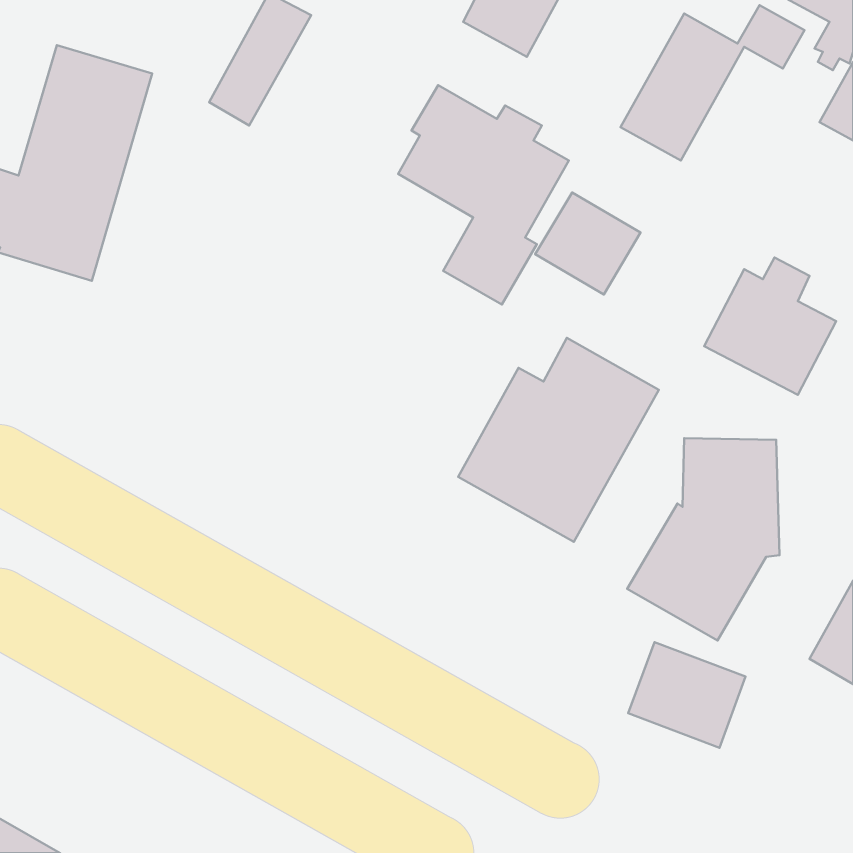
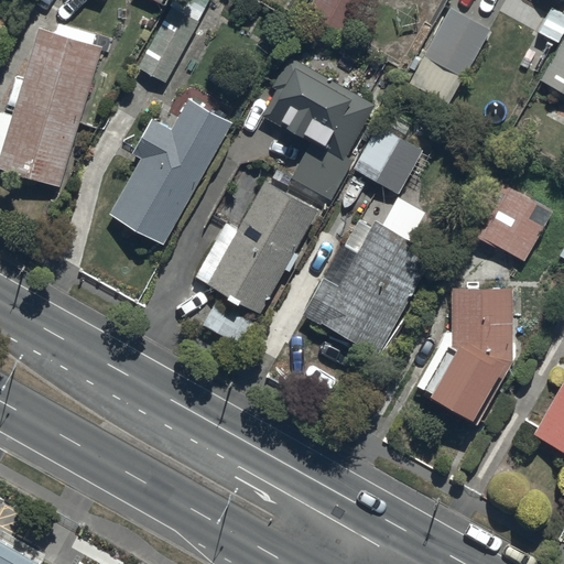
building: none -> [109,97,231,243]
building: none -> [195,181,317,312]
building: [628,642,746,748] -> none

